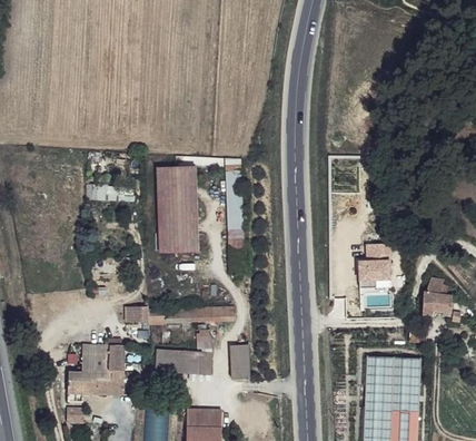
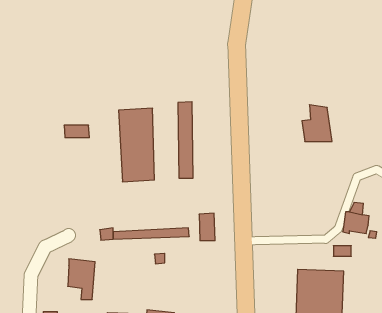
building: [357,242,393,285] -> [302,105,332,141]
building: [229,341,248,373] -> [199,213,215,241]
building: [155,351,201,374] -> none
building: [69,352,112,393] -> none

